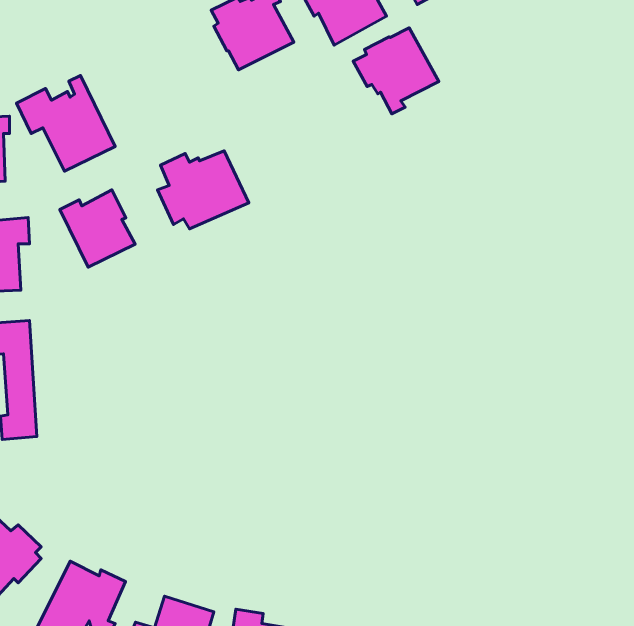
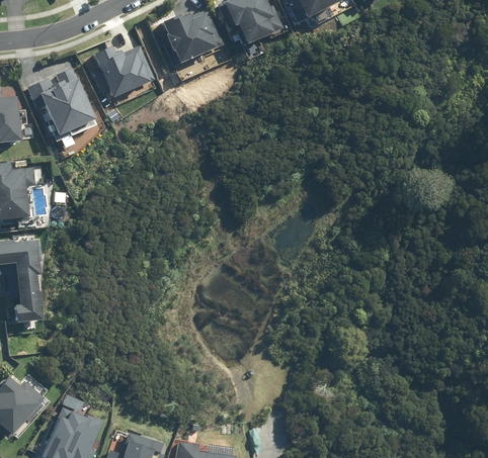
building: [353,28,439,114] -> none
building: [158,151,249,229] -> [91,44,155,99]
building: [60,190,135,267] -> none

